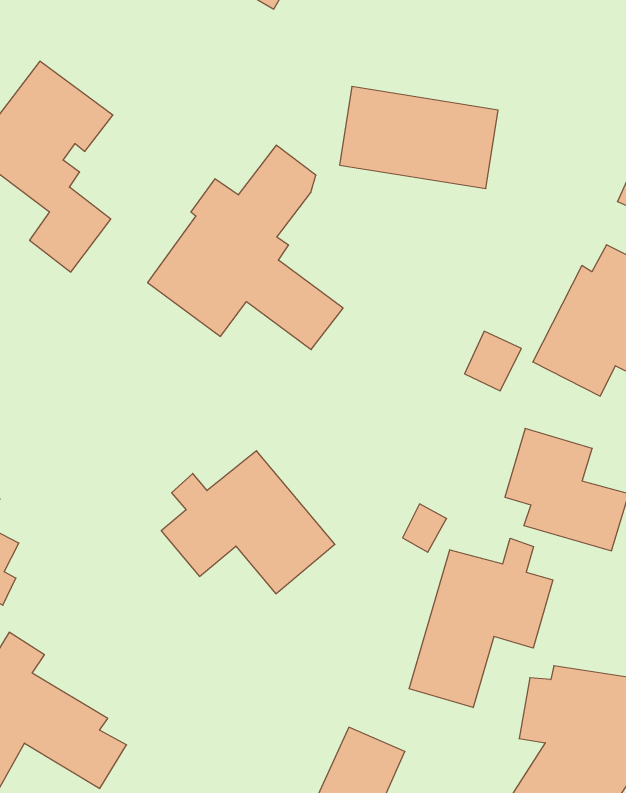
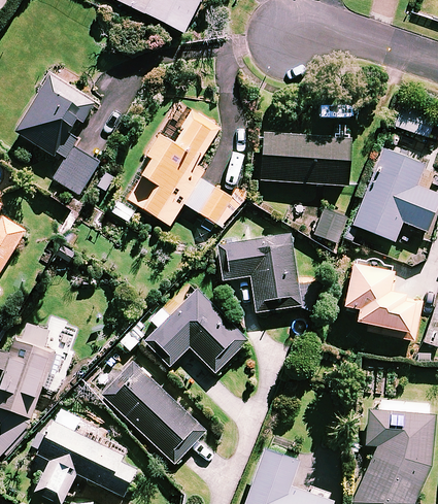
building: [340,87,498,188] -> [261,133,350,186]
building: none -> [217,234,321,311]
building: [409,538,553,708] -> none
building: none -> [102,362,205,463]

